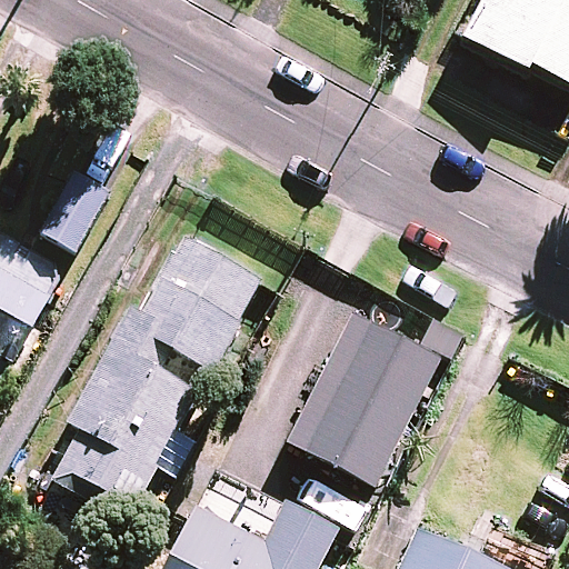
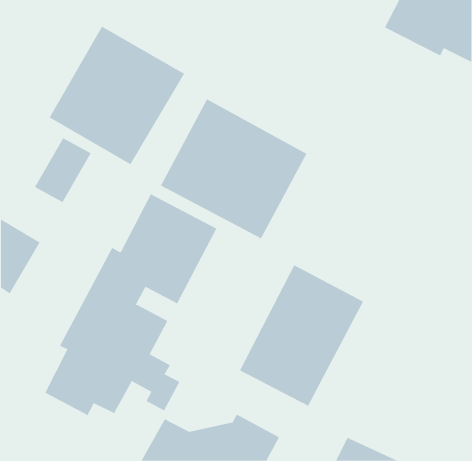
building: none -> [49,26,185,165]
building: none -> [160,98,307,239]

